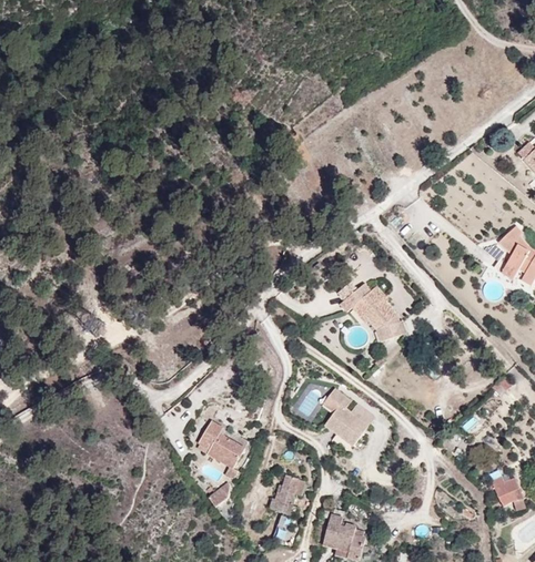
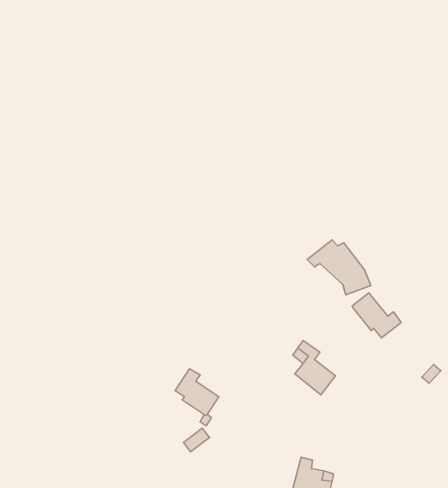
building: none -> [352,293,401,338]
building: [269,473,304,514] -> none

